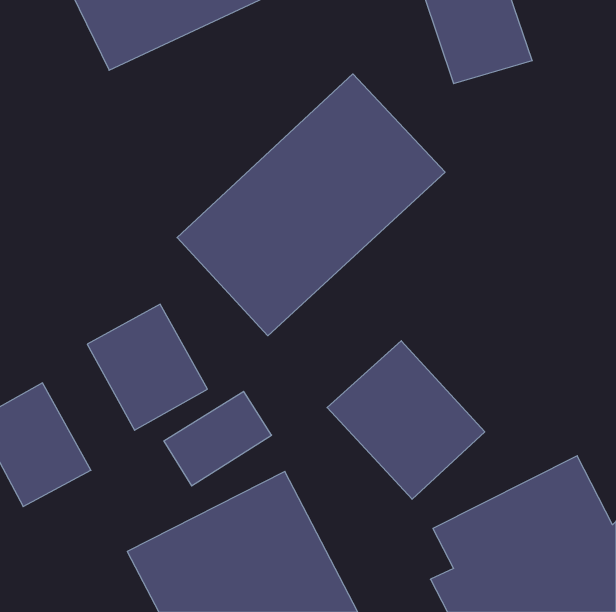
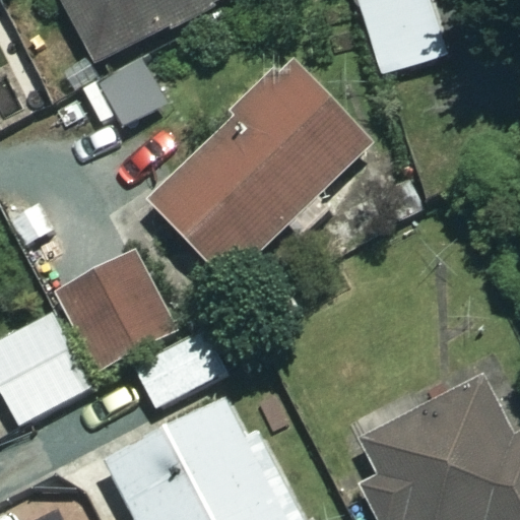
building: [327,341,485,499] -> none

